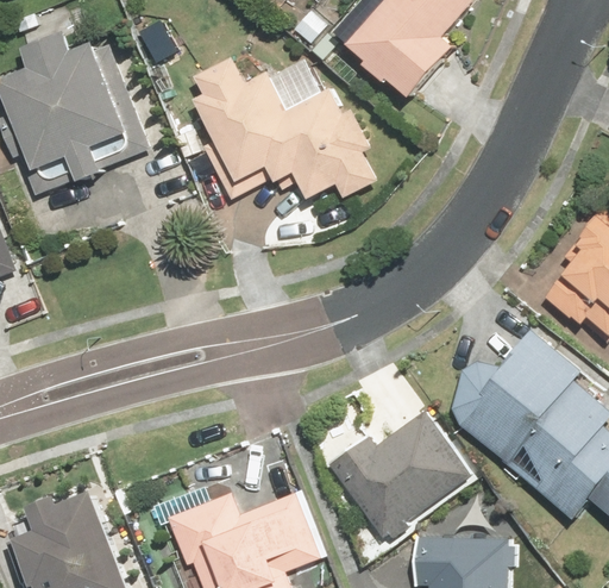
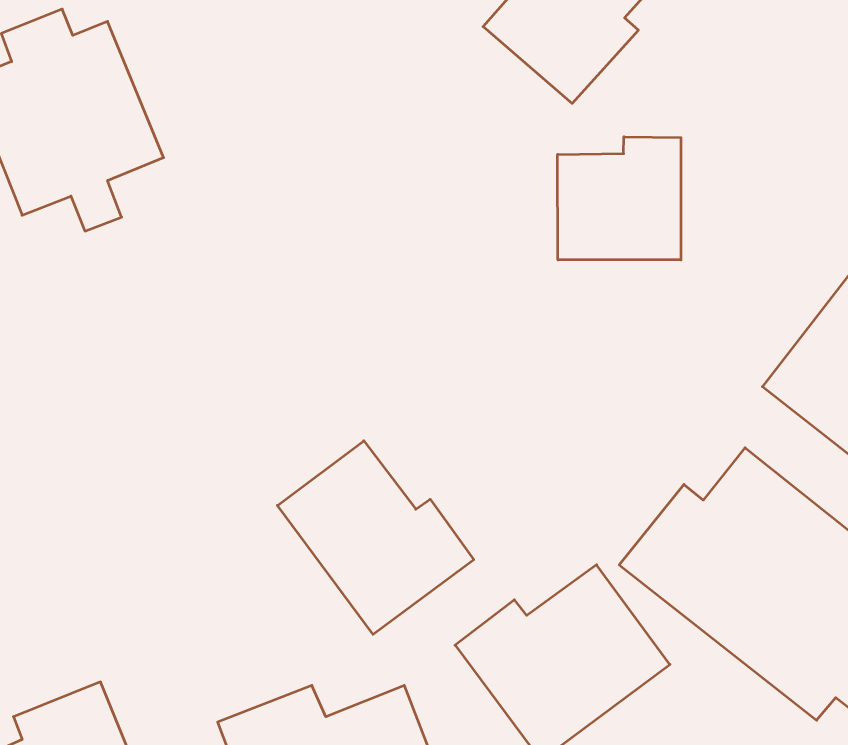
building: [193,58,378,200] -> none
building: none -> [558,137,681,260]
building: none -> [277,441,474,634]

